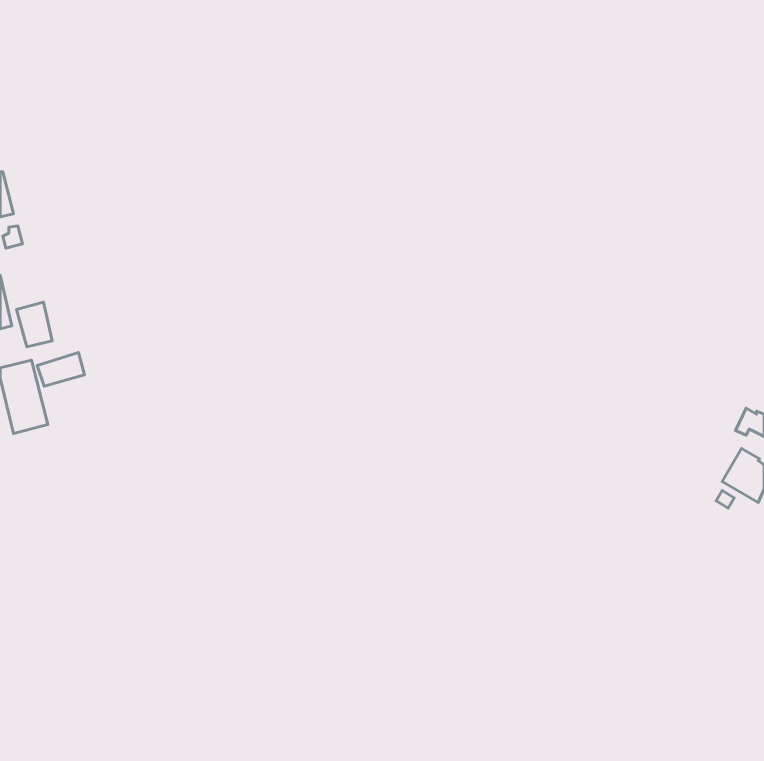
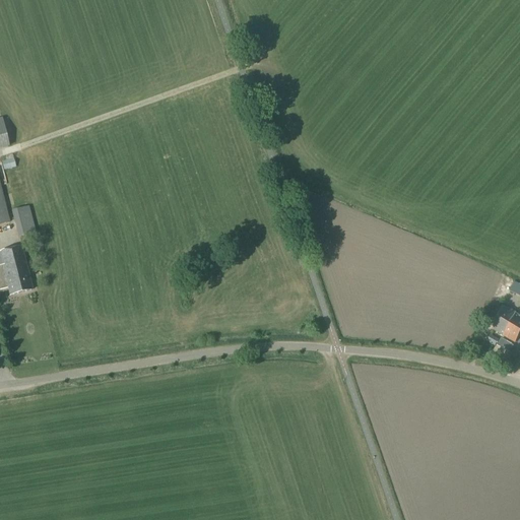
building: [37,353,85,386] -> none

